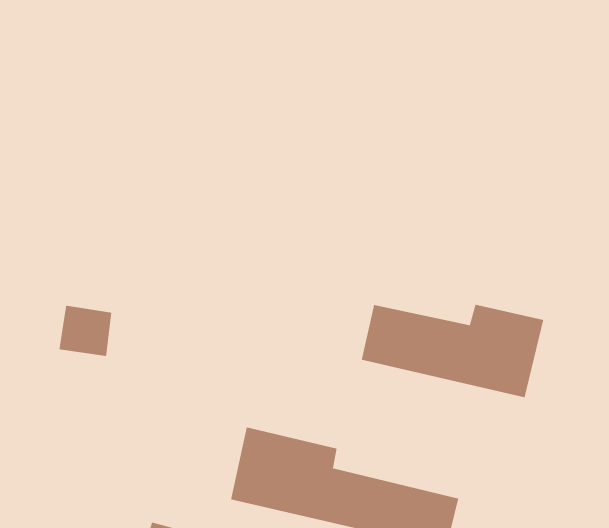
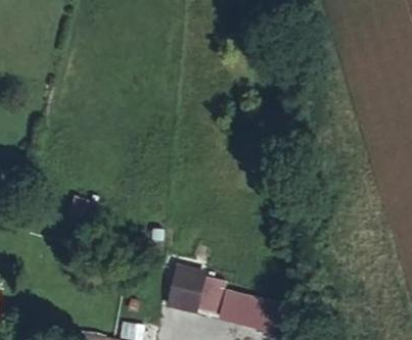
building: [361,304,544,398] -> none

